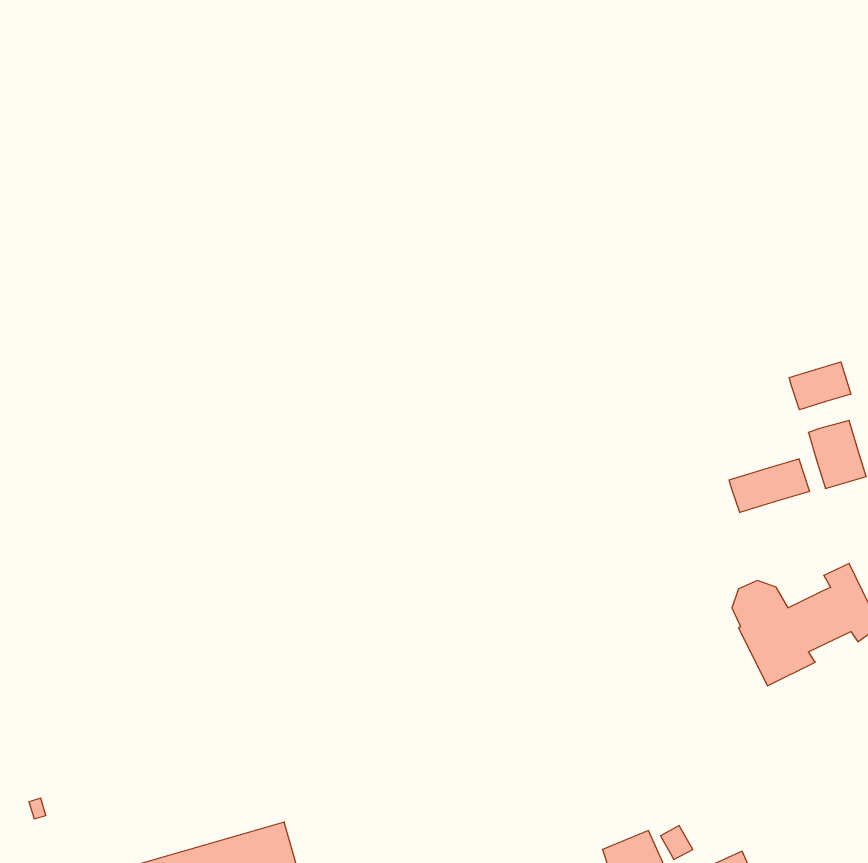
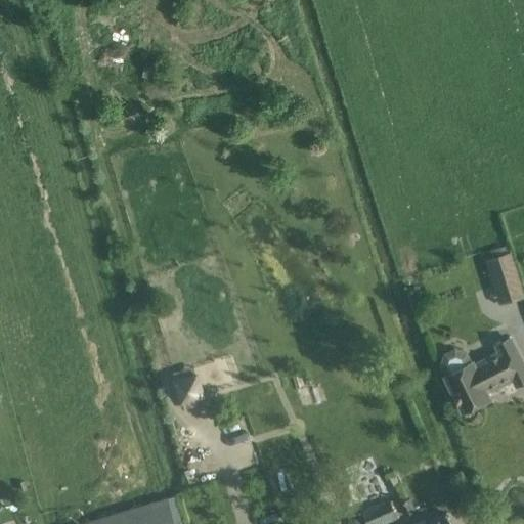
building: [789,362,851,410] -> none
building: [729,459,809,513] -> none

